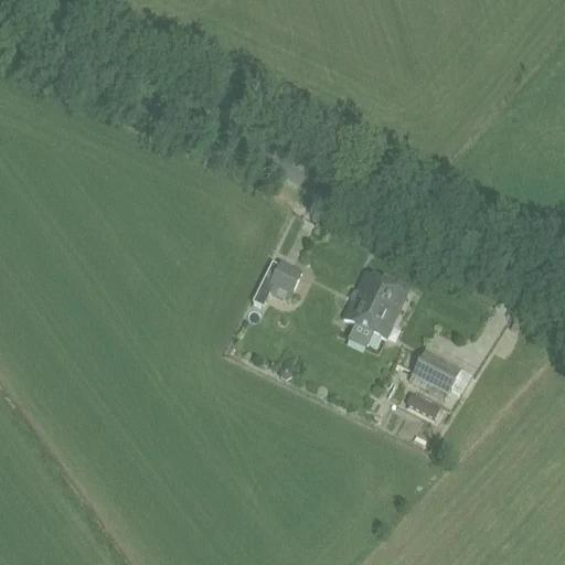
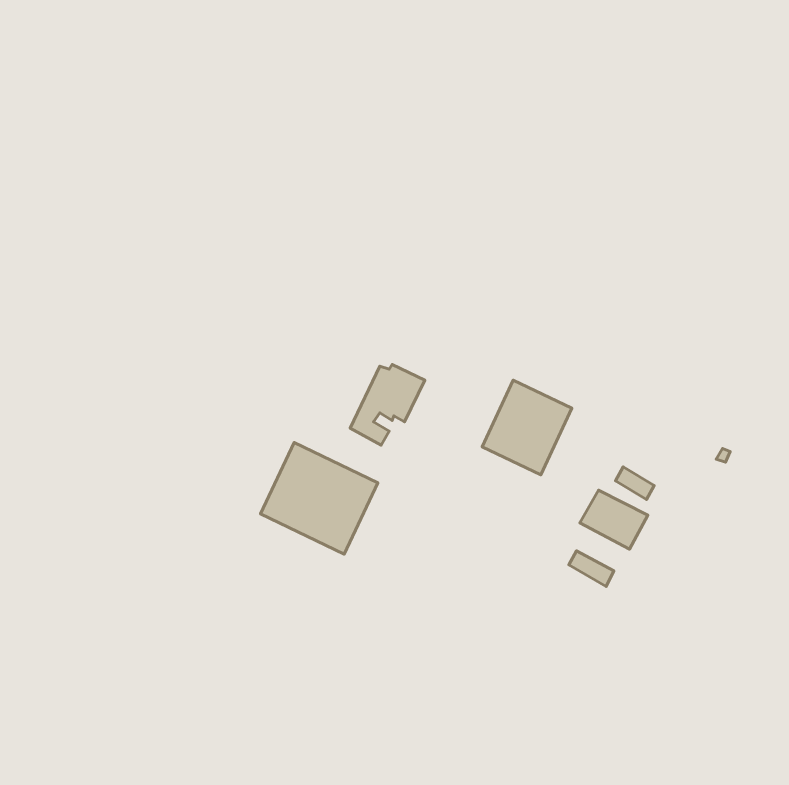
building: none -> [260,442,378,554]

